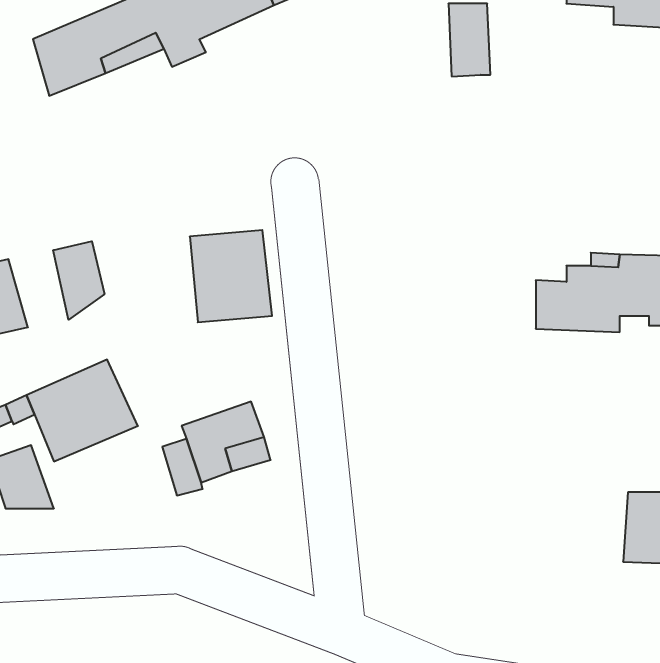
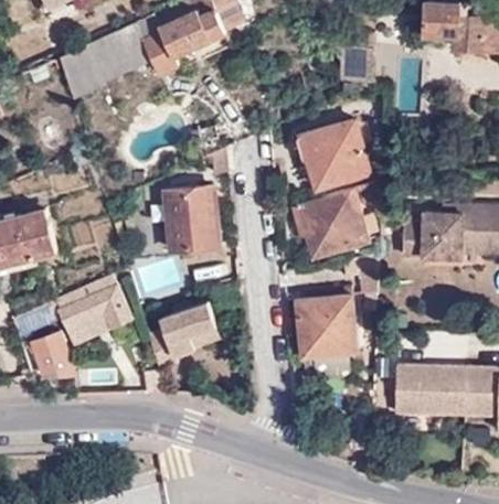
building: none -> [296,122,367,190]
building: none -> [293,183,380,256]
building: [53,241,104,320] -> none
building: none -> [297,294,357,358]
building: none -> [395,365,466,414]

